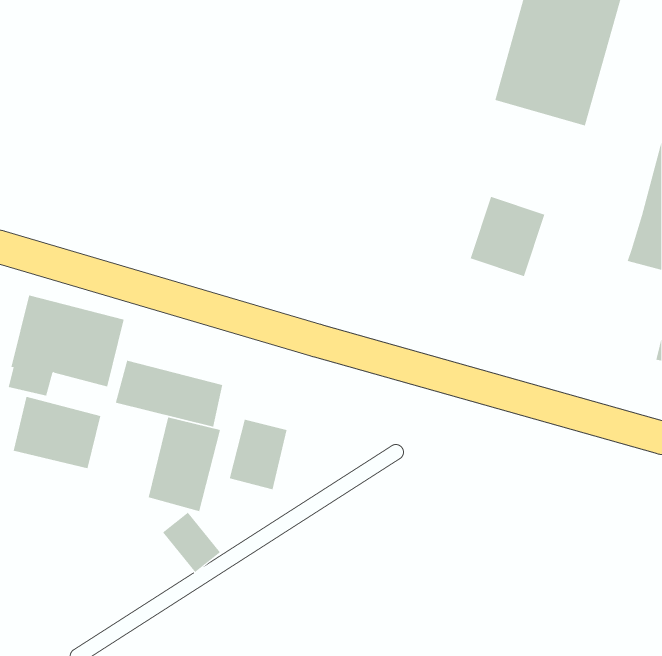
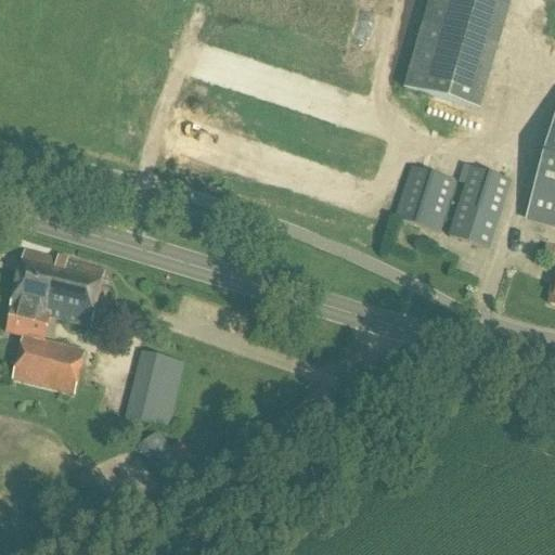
building: none -> [446,160,513,248]
building: [115,360,223,428] -> none
building: [229,419,287,490] -> none

